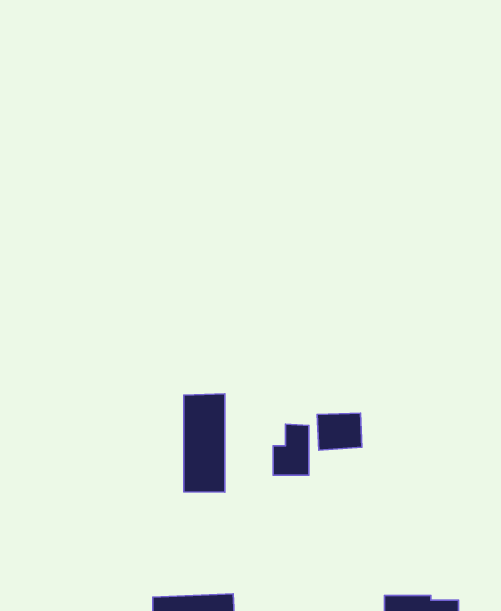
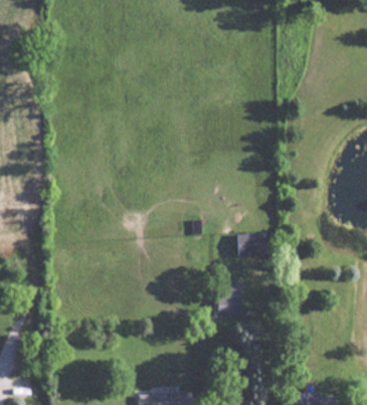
building: [184,394,225,492] -> none
building: [317,413,362,450] -> [237,233,266,257]

